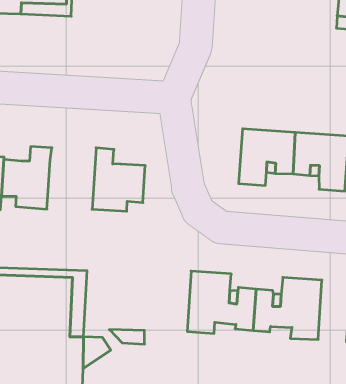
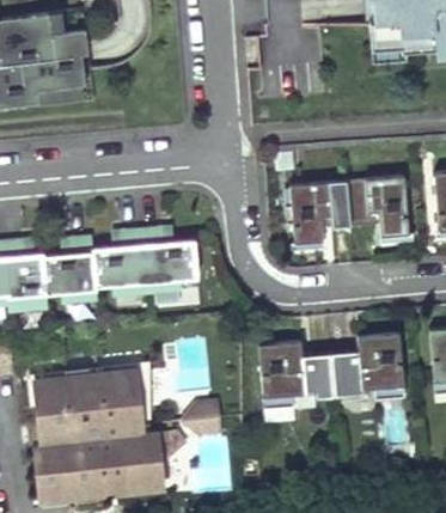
building: none -> [92,230,145,298]

